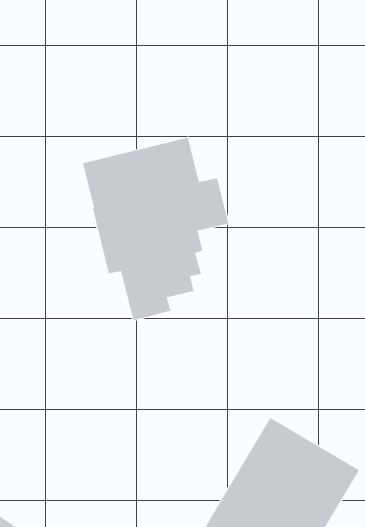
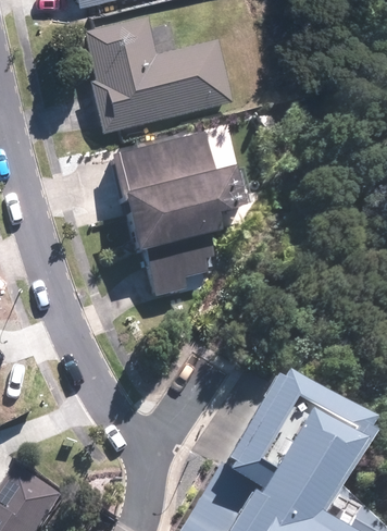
building: none -> [83,17,233,135]

